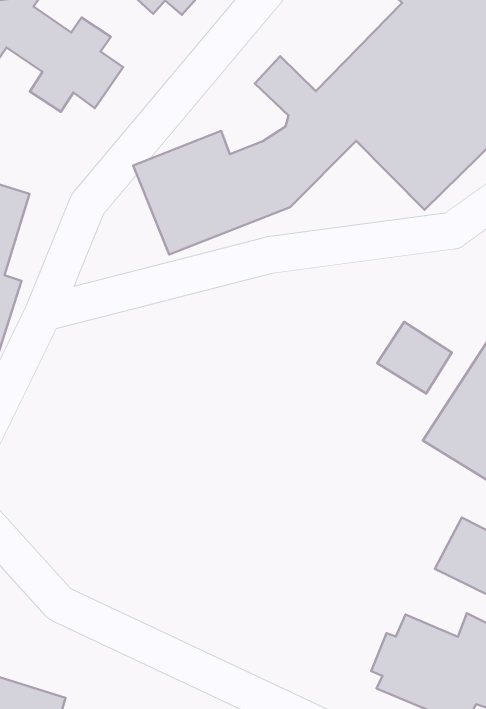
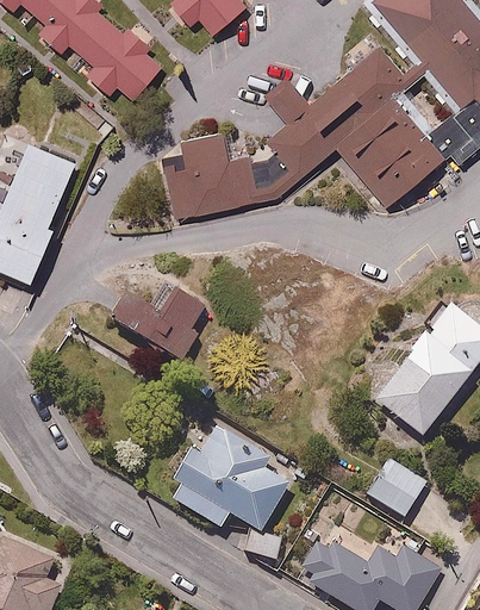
building: [377,322,452,394] -> none
building: none -> [114,282,206,357]
building: none -> [164,427,292,530]

